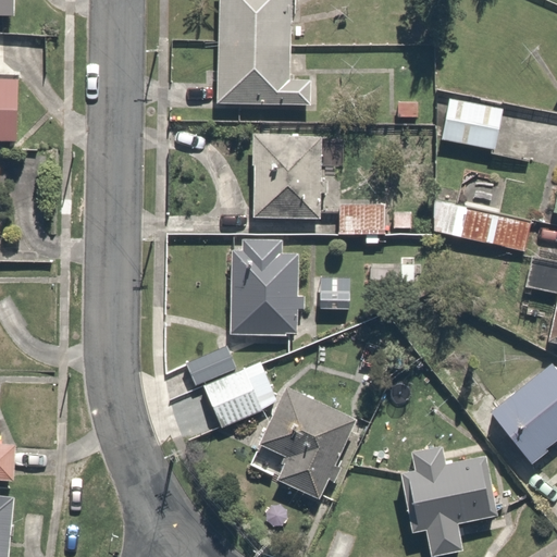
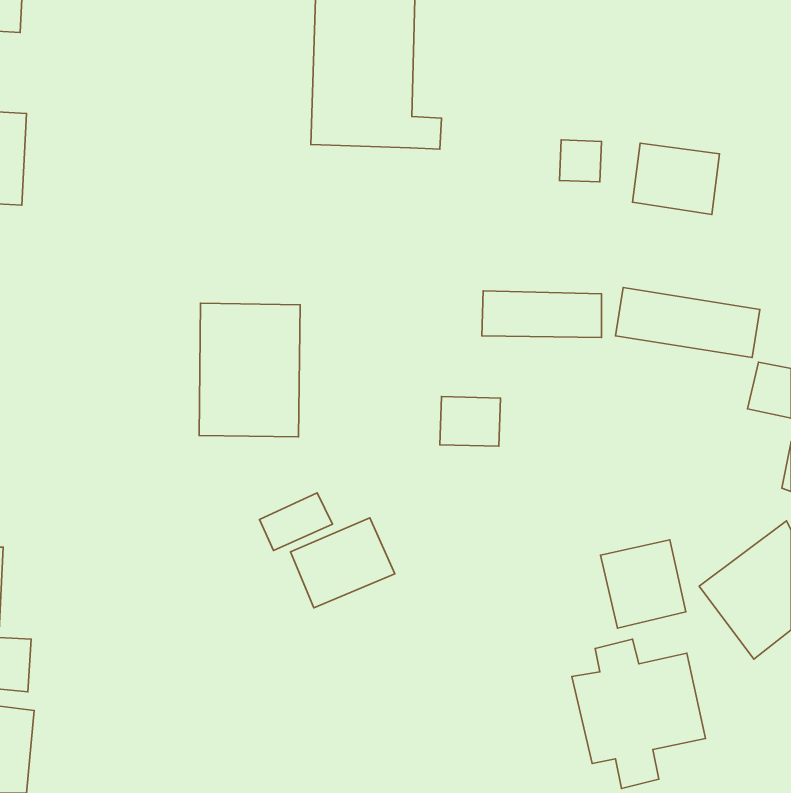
building: [251,137,323,221] -> none
building: [230,240,300,334] -> [199,303,300,437]
building: none -> [600,540,686,628]
building: [261,386,358,498] -> none

